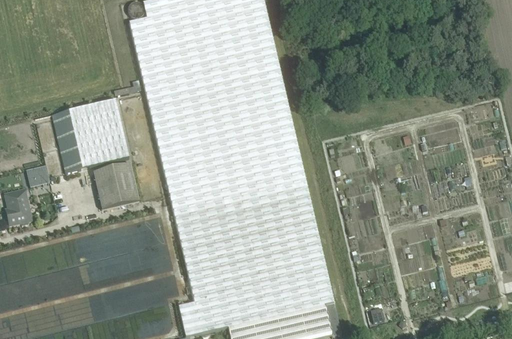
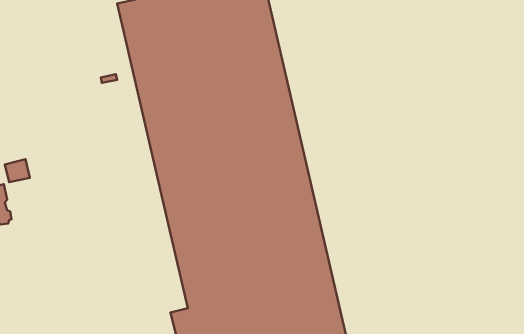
building: [53,97,129,170] -> none
building: [94,164,139,207] -> none

